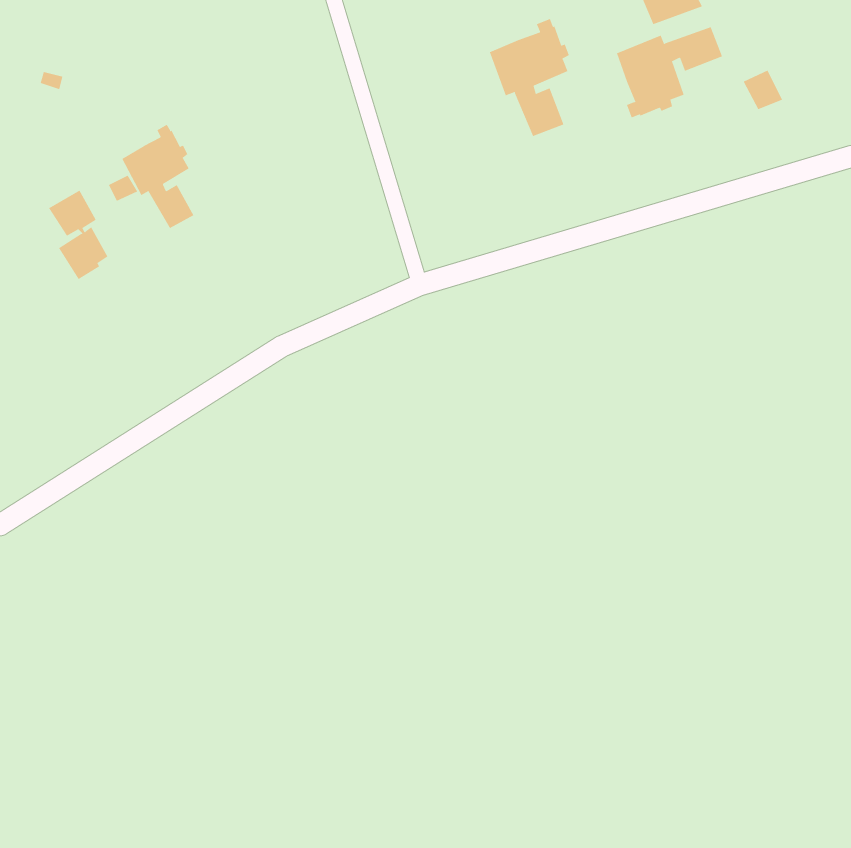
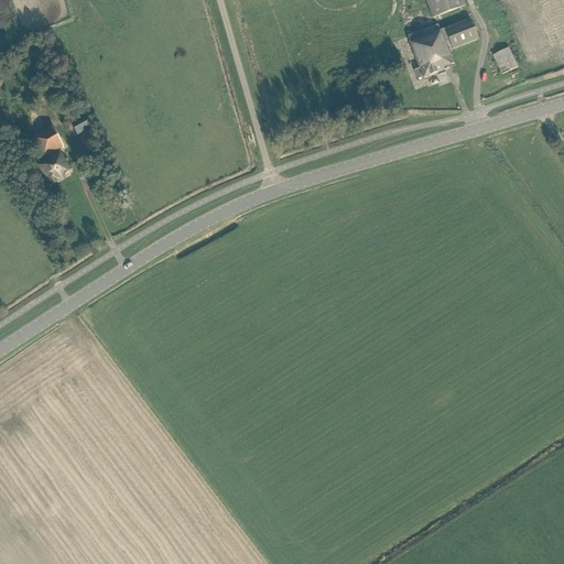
building: [489,18,569,137] -> none
building: [121,124,194,229] -> none

